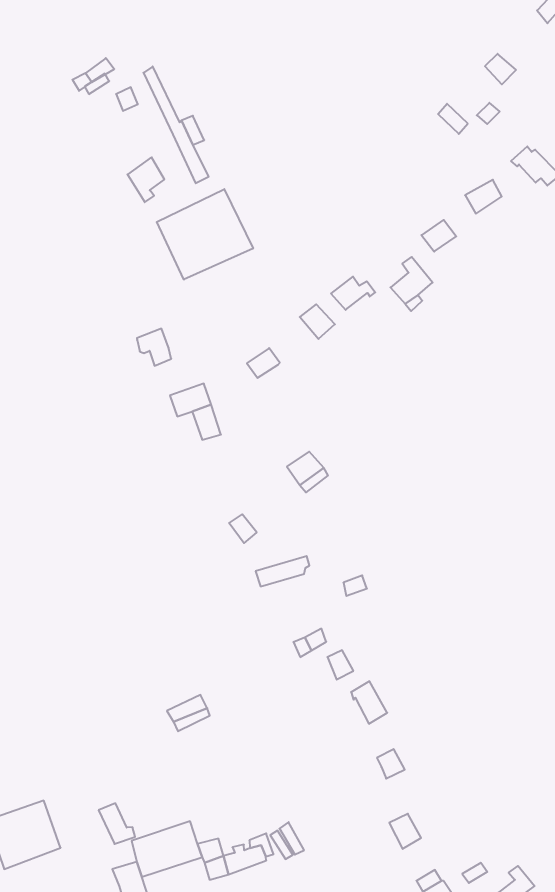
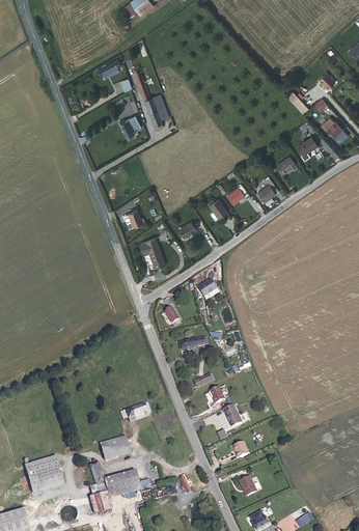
building: [157,189,253,280] -> none
building: none -> [96,437,127,458]

